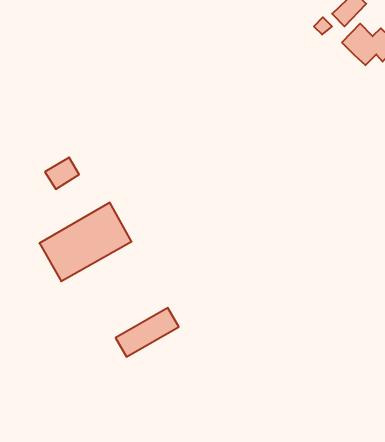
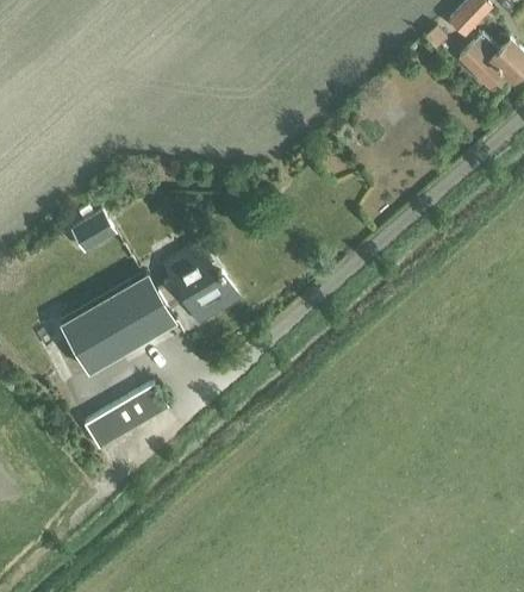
building: none -> [162,241,243,328]
building: [116,308,179,357] -> [85,384,168,448]

